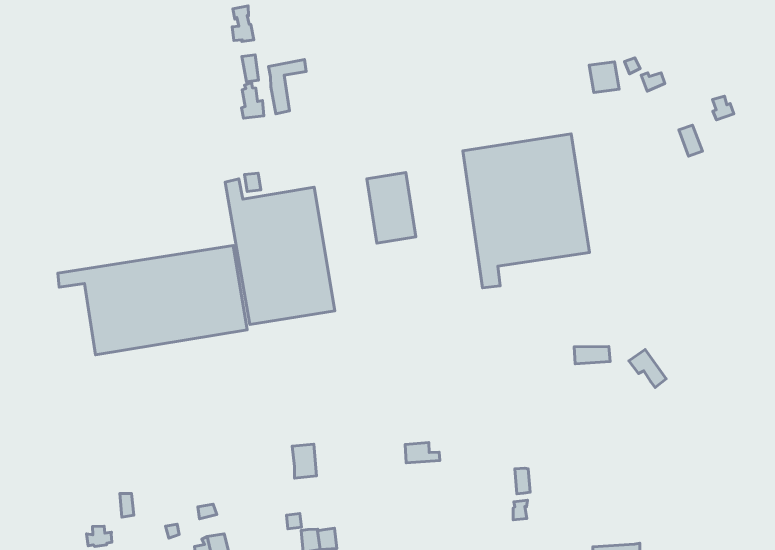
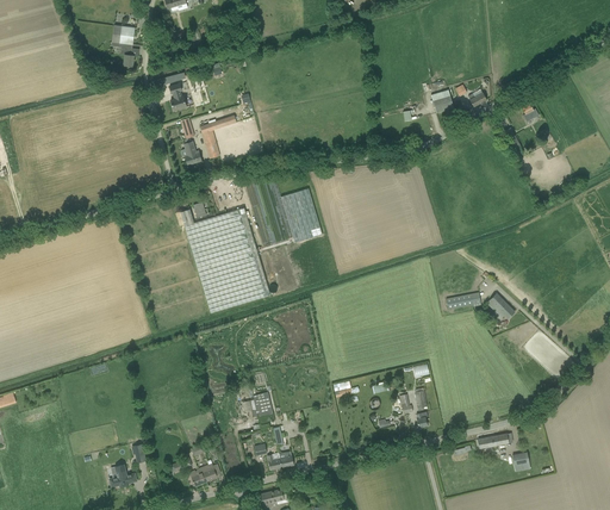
building: [463,134,589,288] -> none
building: [58,246,247,355] -> none

